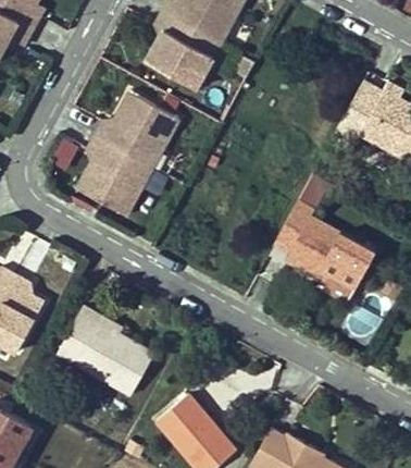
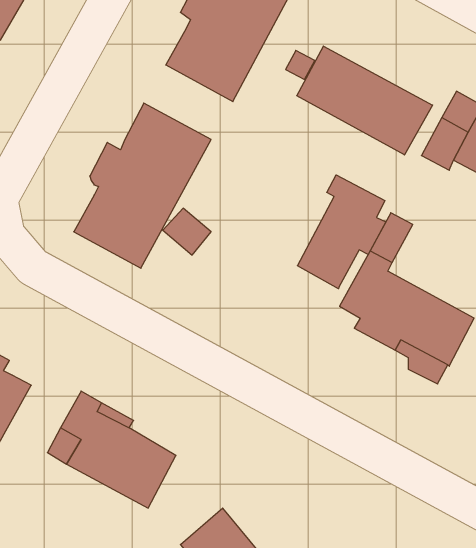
building: none -> [297,46,433,155]
building: none -> [297,175,386,289]

